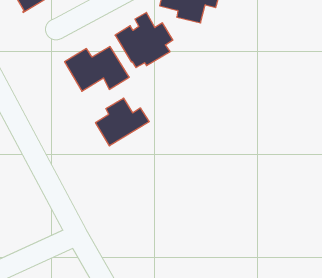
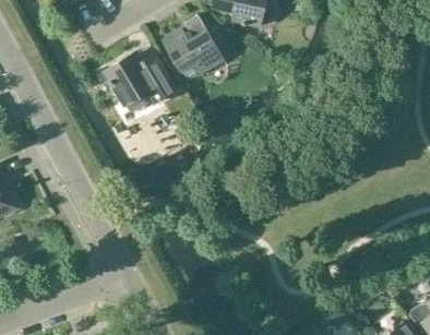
building: [96,98,149,146] -> none

